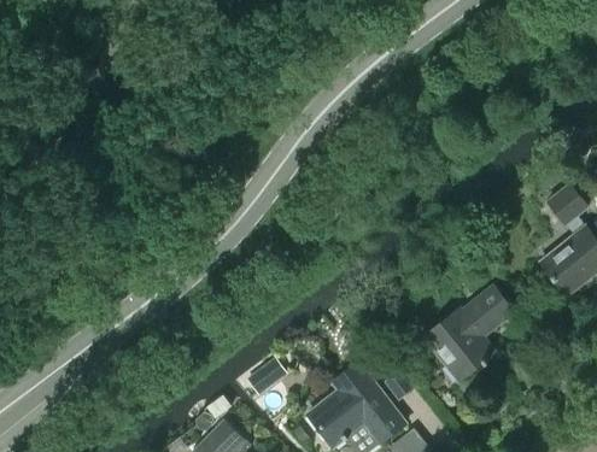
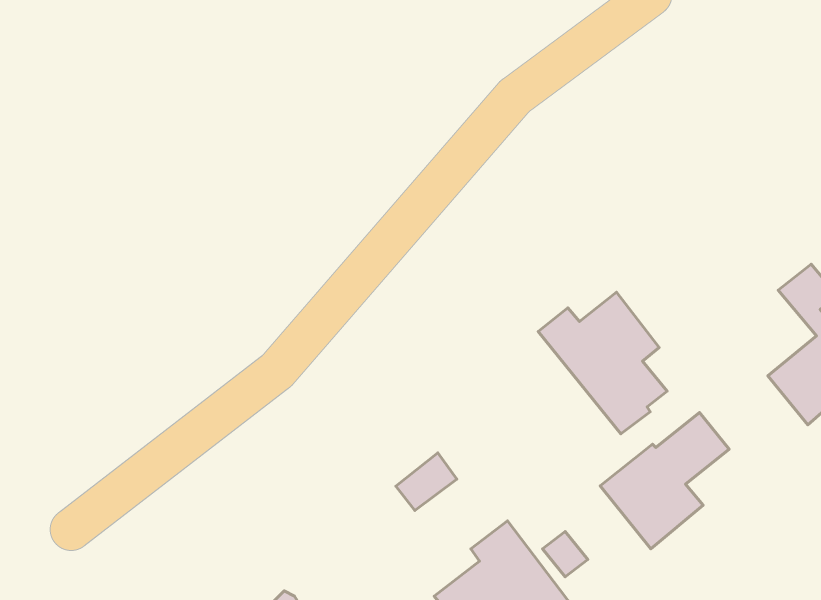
building: none -> [538,292,667,434]
building: [246,356,288,395] -> [396,453,457,511]

